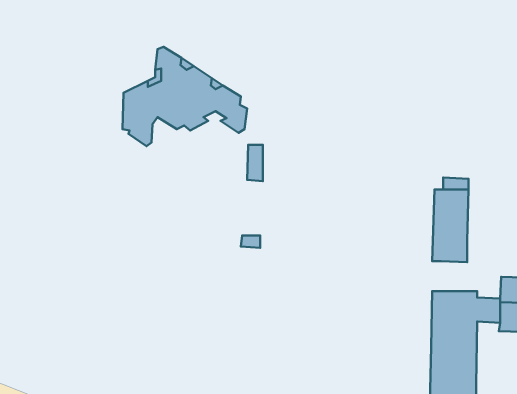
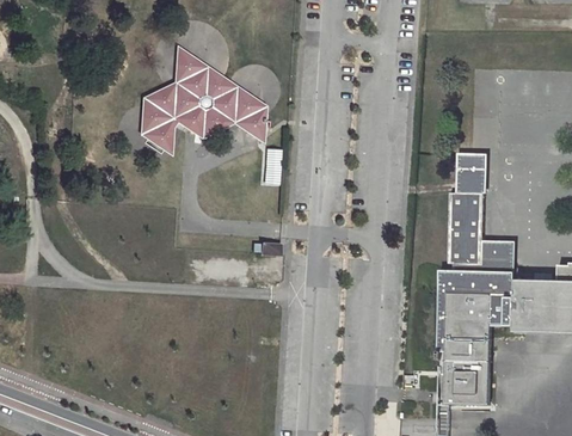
building: none -> [459,155,484,182]
building: none -> [441,242,516,348]

